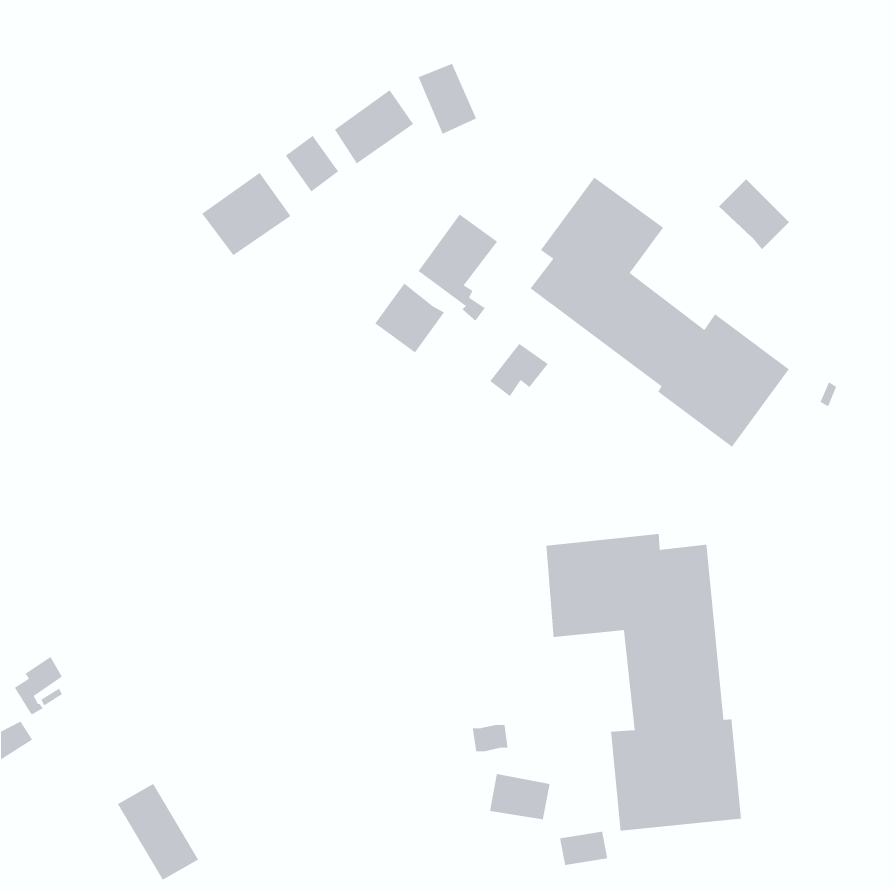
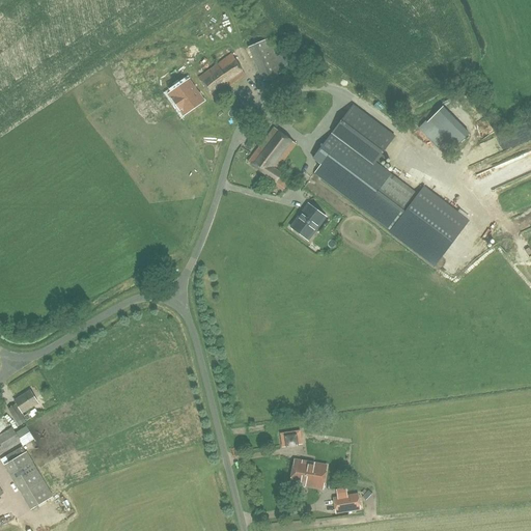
building: [201,172,292,256] -> none
building: [374,282,445,353] -> none
building: [545,533,742,831] -> none
building: [117,783,199,881] -> [4,450,53,508]

